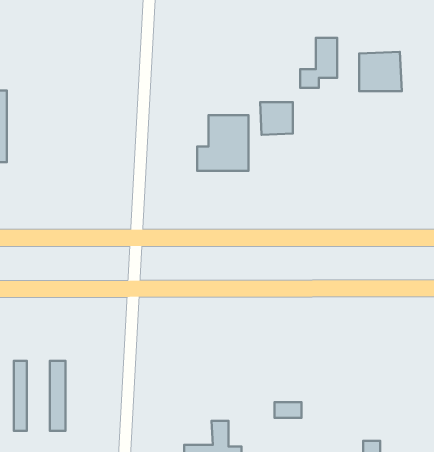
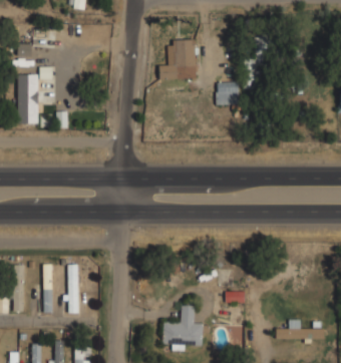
building: [359,52,402,91] -> none
building: [197,115,249,171] -> [159,39,196,78]

